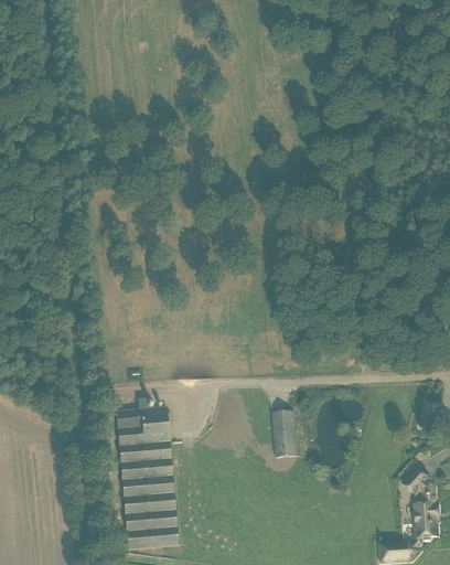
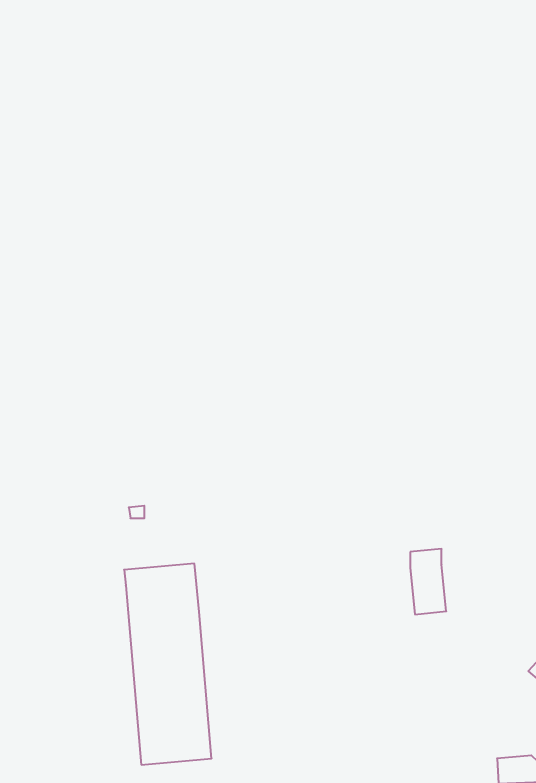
building: [272,409,298,456] -> [410,549,446,614]

